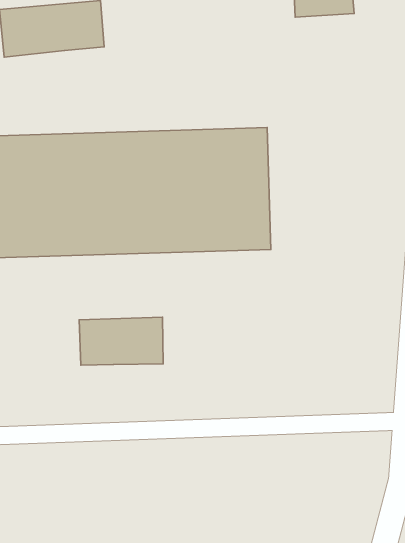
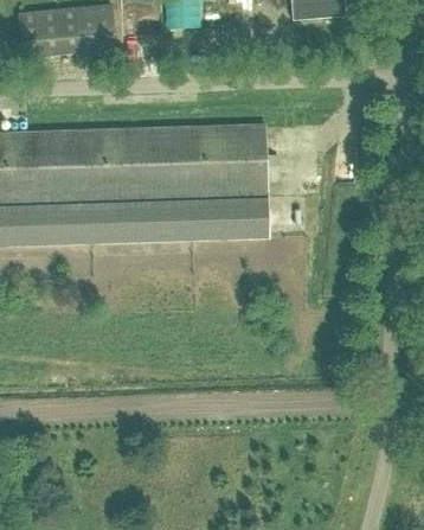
building: [79,317,163,365] -> none

